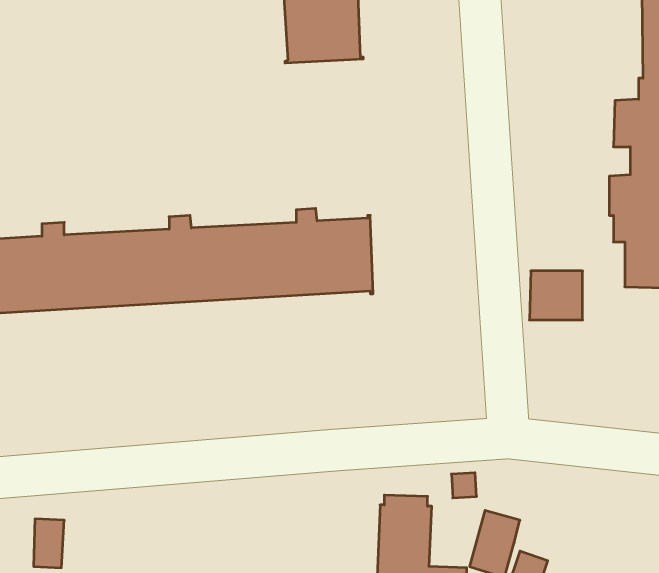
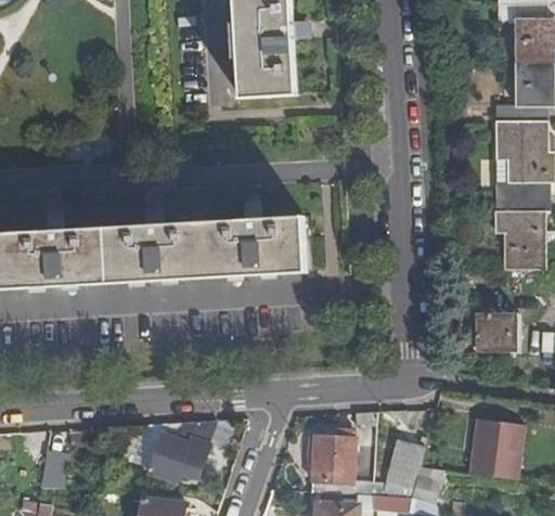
building: [529,271,583,320] -> [475,314,516,352]
building: none -> [149,422,216,482]
building: none -> [469,422,525,479]

